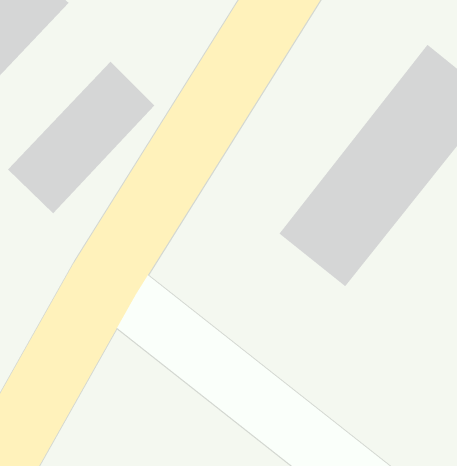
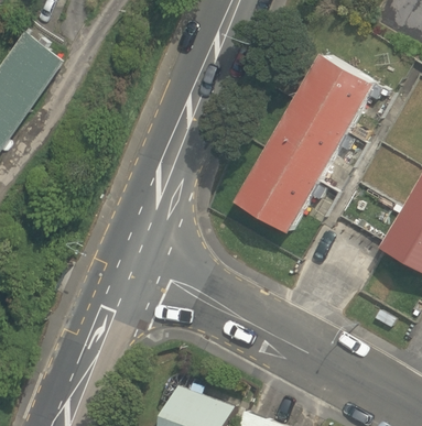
building: [7,61,155,214] -> none

